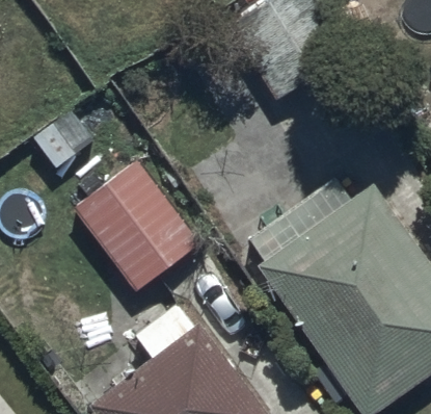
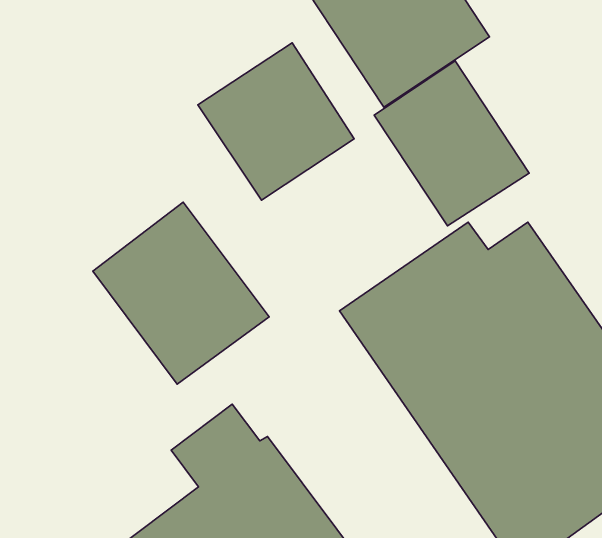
building: none -> [198,43,354,200]
building: none -> [374,61,529,226]

